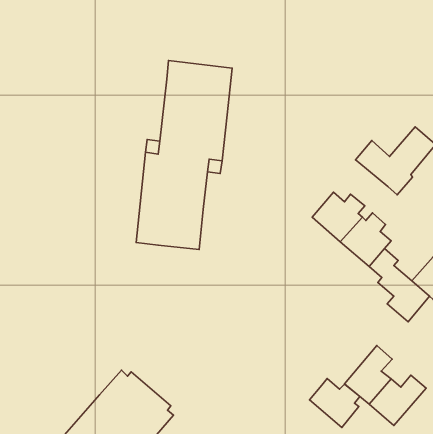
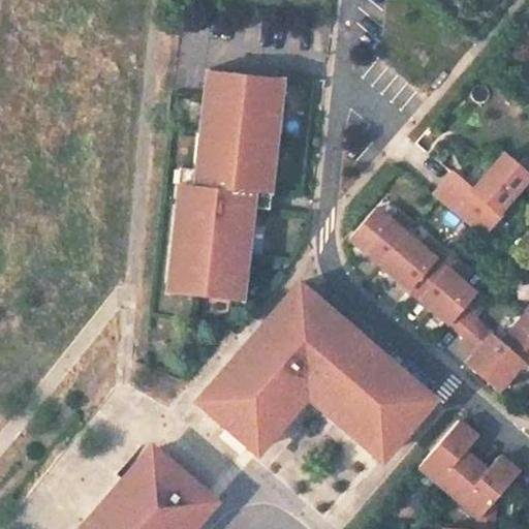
building: none -> [350,208,414,264]
building: none -> [203,284,431,456]
building: [309,379,360,428] -> none

